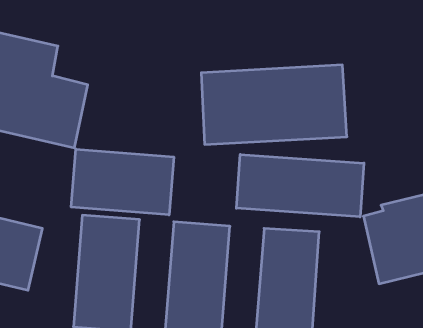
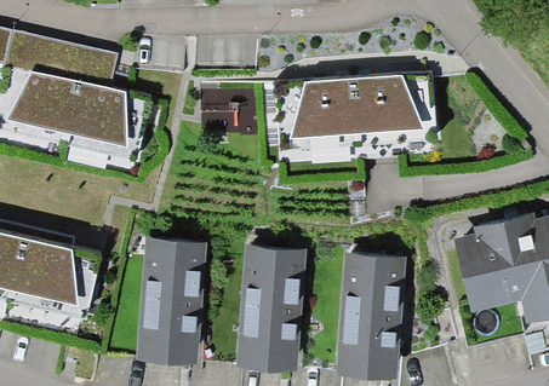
building: [71,149,174,215] -> none
building: [236,154,364,217] -> none

